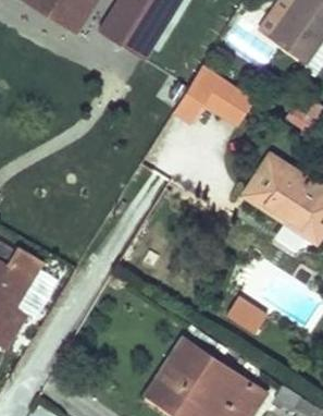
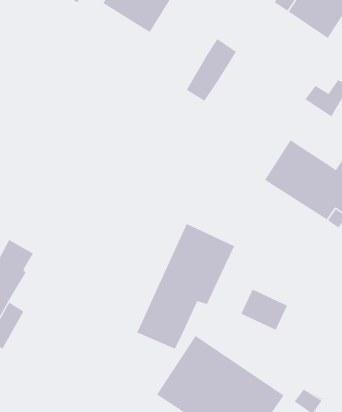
building: [206,76,256,125] -> none
building: none -> [136,223,235,350]

